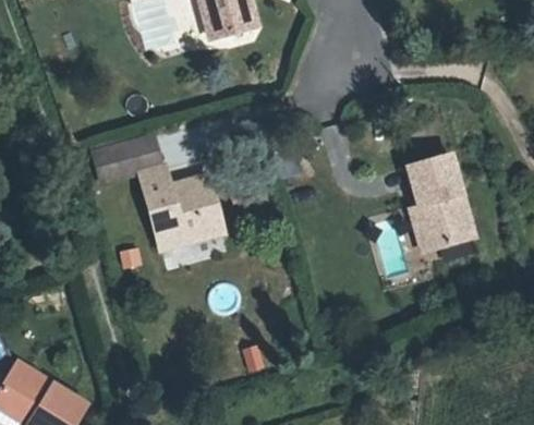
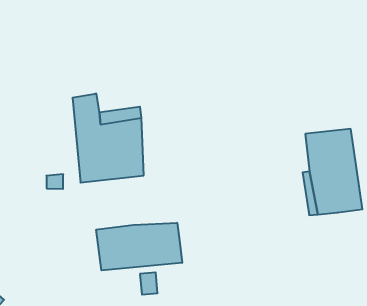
building: [97,130,161,175] -> none
building: none -> [96,223,182,270]

